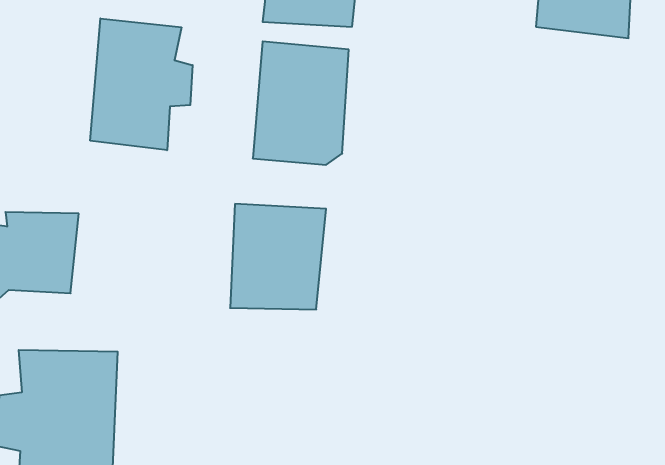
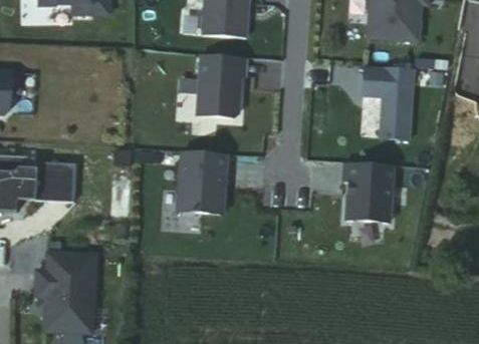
building: [90,18,193,150] -> none
building: none -> [354,52,416,145]
building: none -> [337,157,398,227]

